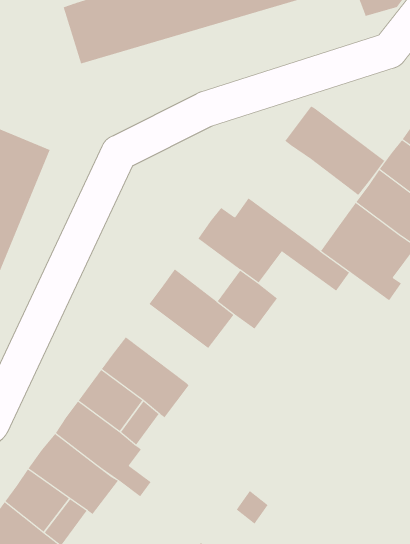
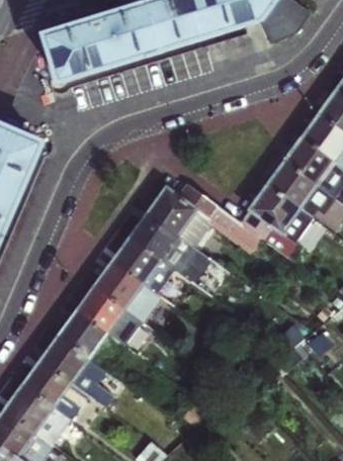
building: [284,106,385,196] -> none
building: none -> [132,210,180,257]
building: none -> [95,259,159,317]

